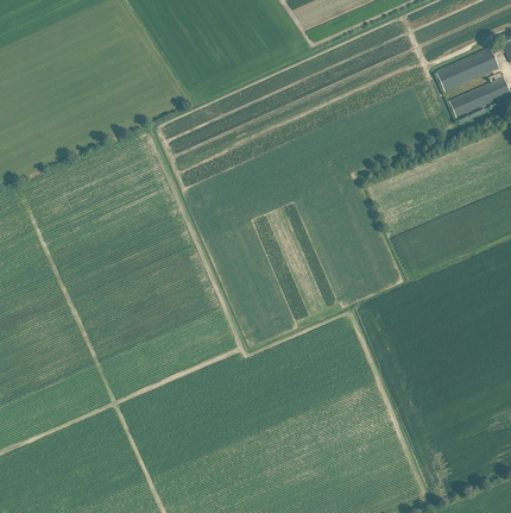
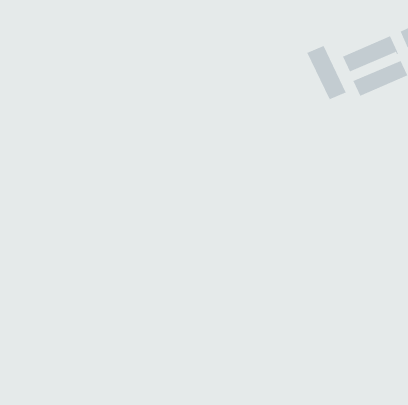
building: none -> [307,45,346,101]

